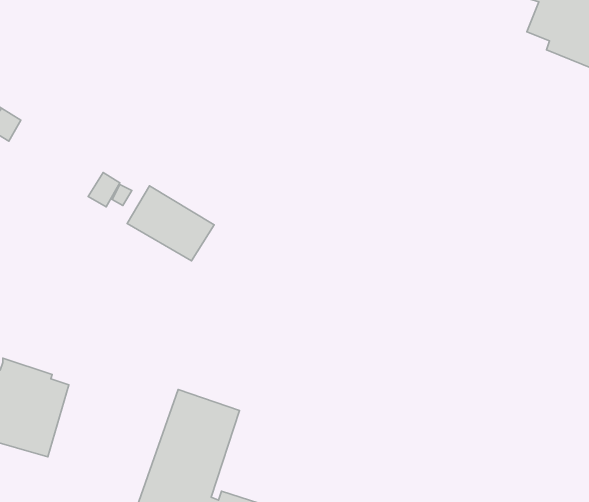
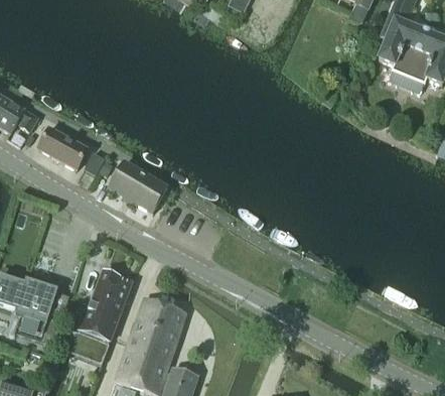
building: none -> [38,128,88,169]
building: none -> [65,270,132,364]

